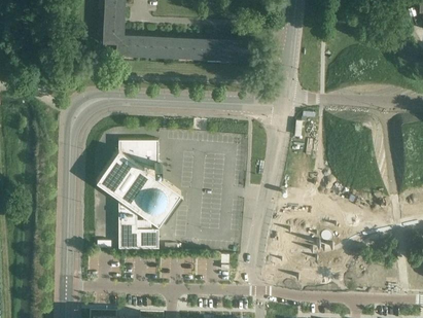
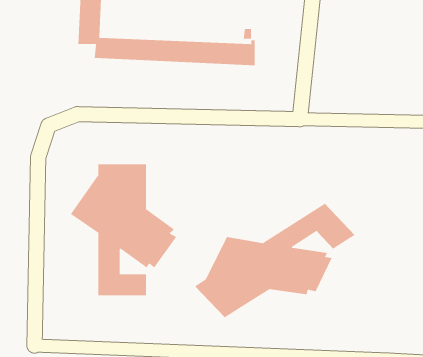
building: none -> [194,203,356,318]

